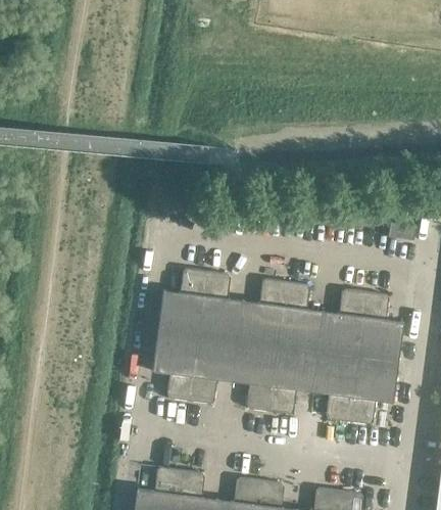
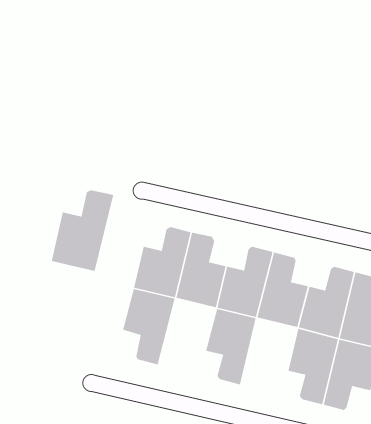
building: none -> [51,189,114,272]
building: [190,335,239,403] -> none
building: [270,345,317,413] -> none

